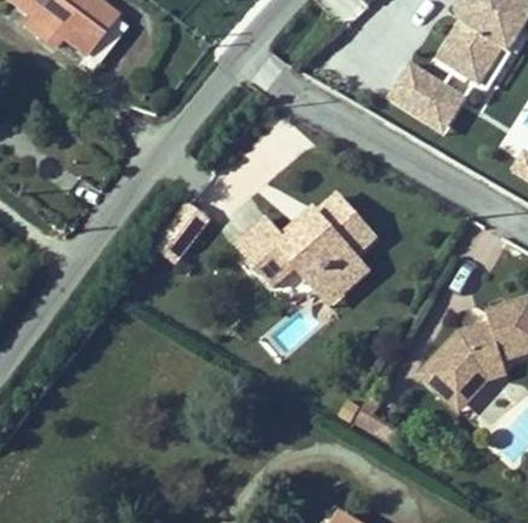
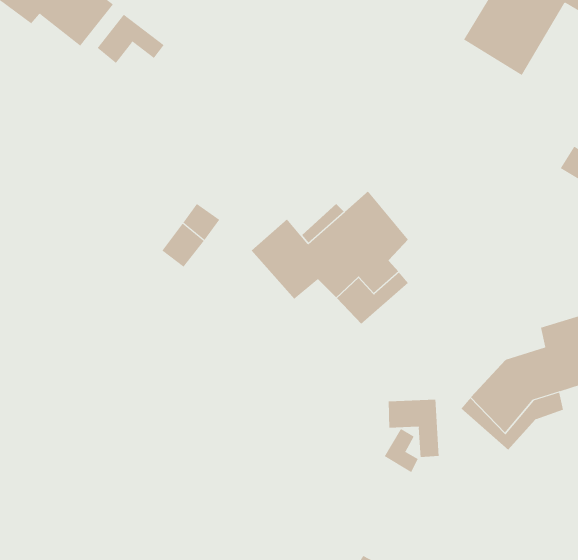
building: none -> [97,14,165,64]
building: [380,62,460,132] -> none
building: none -> [388,399,439,458]

